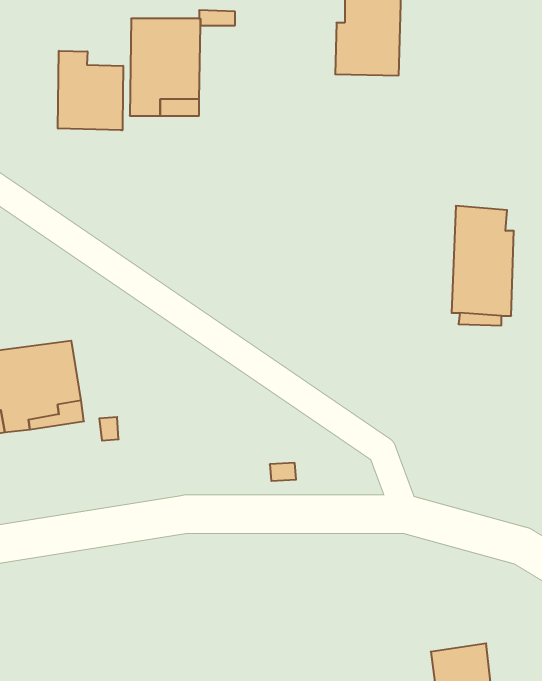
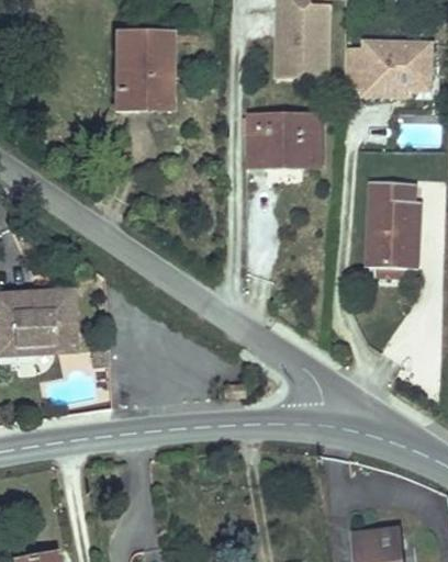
building: none -> [347,43,433,93]
building: [58,51,123,130] -> none
building: none -> [249,112,321,164]

